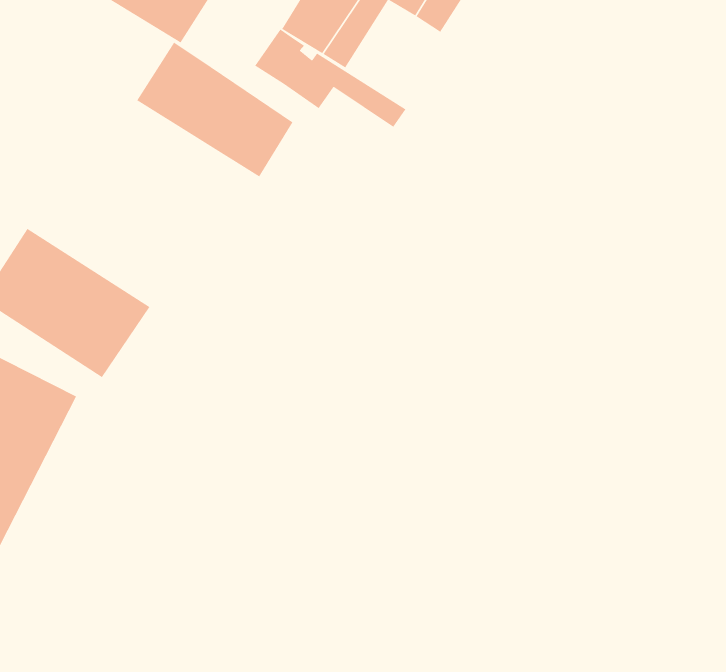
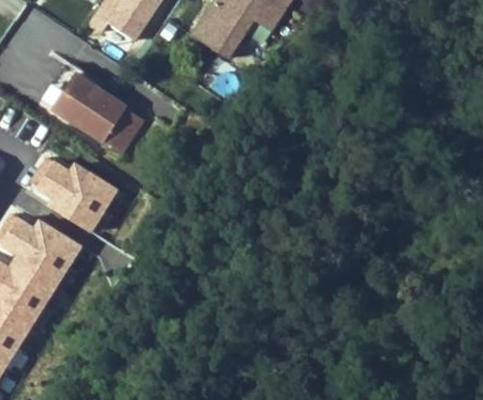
building: [254,28,407,128] -> none
building: [136,42,294,178] -> [54,72,142,148]

